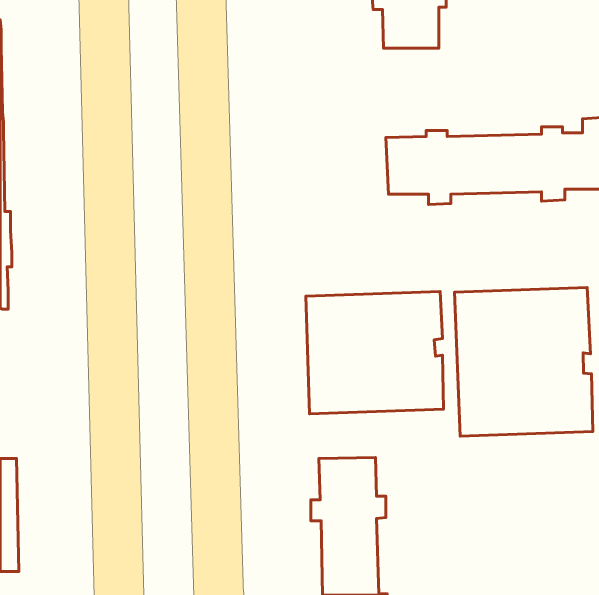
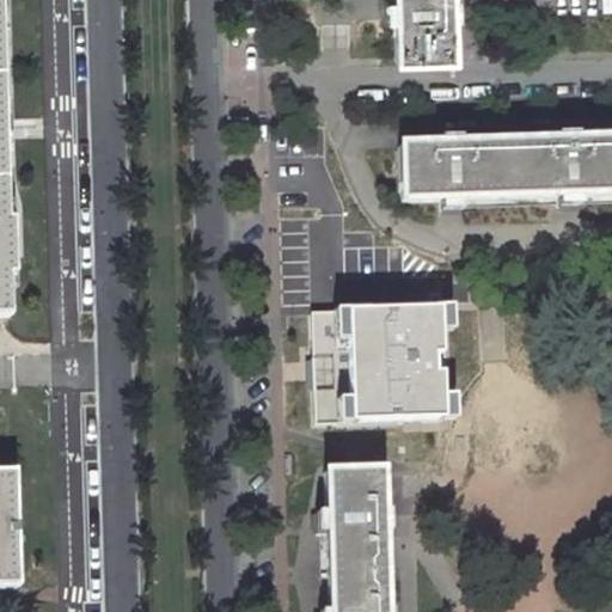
building: [455,288,593,436] -> none

